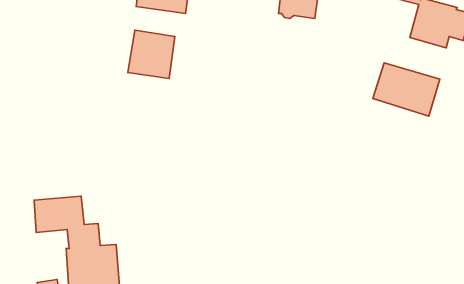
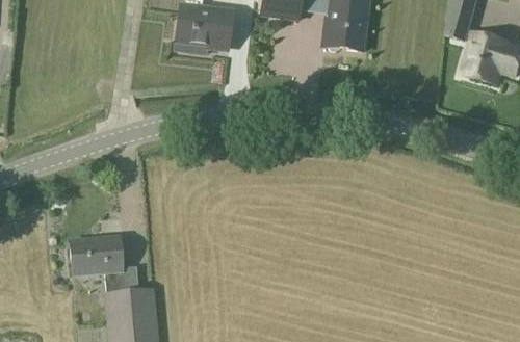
building: [128,30,175,78] -> none
building: [373,63,440,116] -> none

